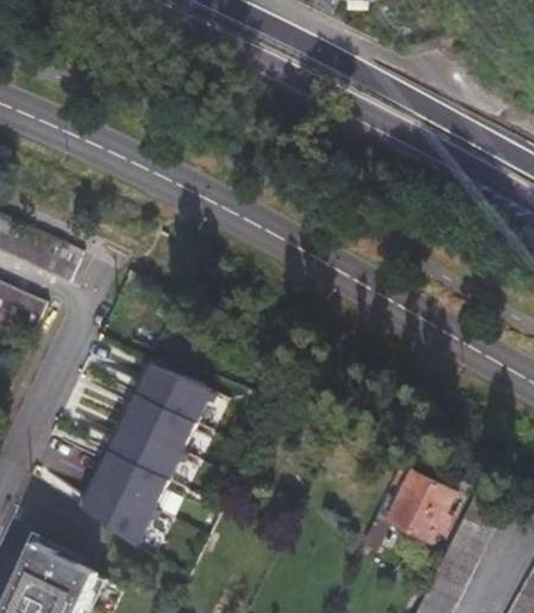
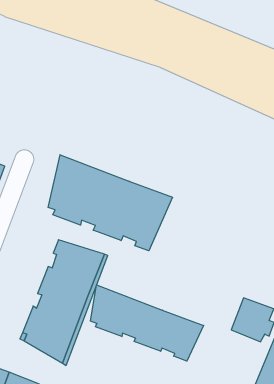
building: none -> [48,155,172,251]
building: none -> [90,285,204,361]

